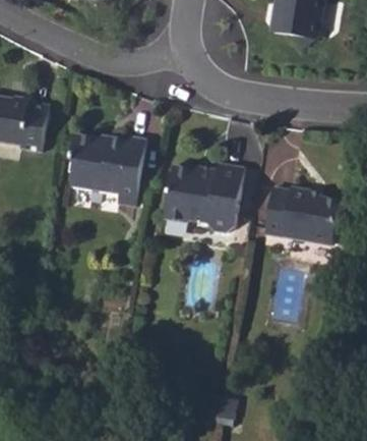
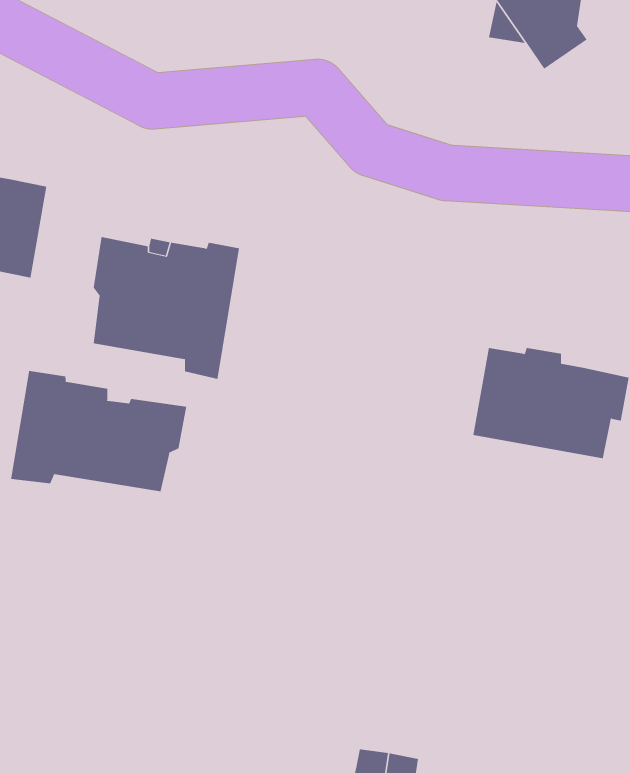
building: [164,161,245,231] -> none
building: none -> [11,370,187,492]

